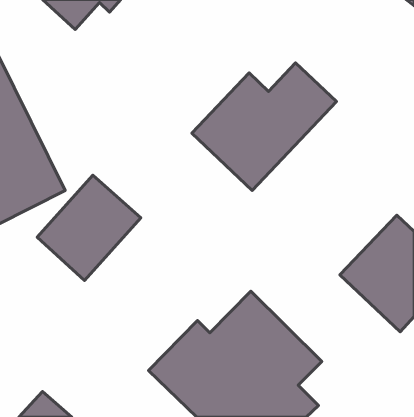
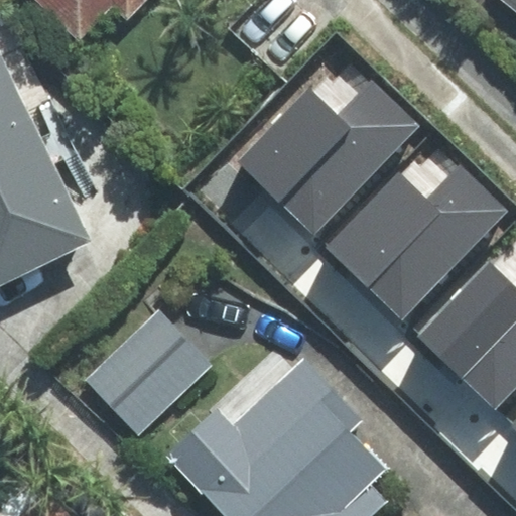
building: none -> [327,164,505,320]
building: [37,175,141,281] -> [91,301,219,431]

